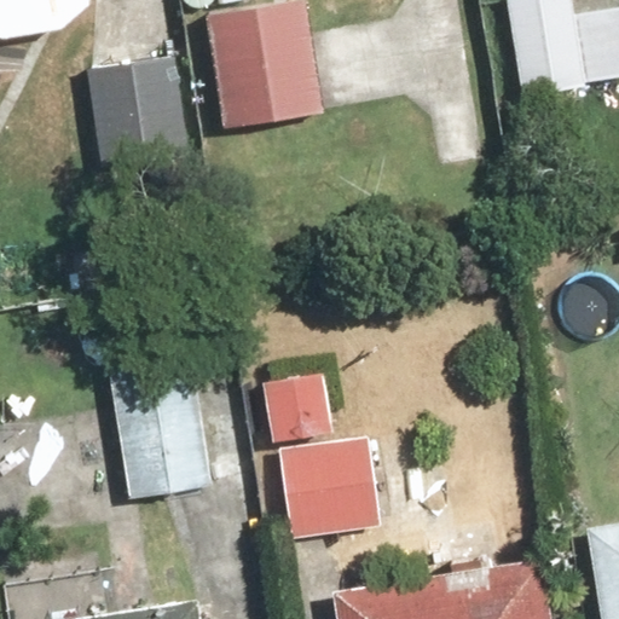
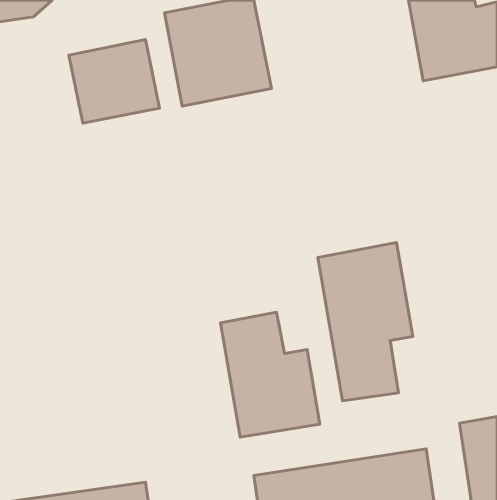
building: none -> [318,243,413,401]
building: [109,346,227,505] -> none

